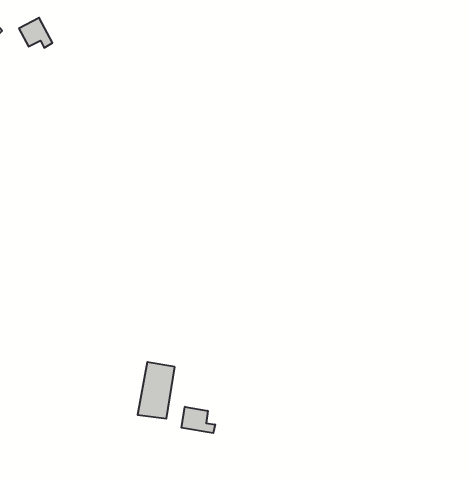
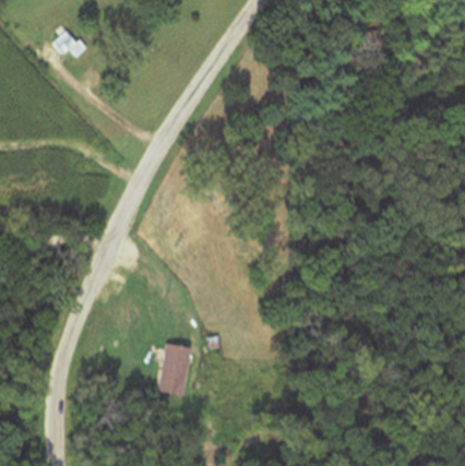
building: [181,407,215,433] -> none

